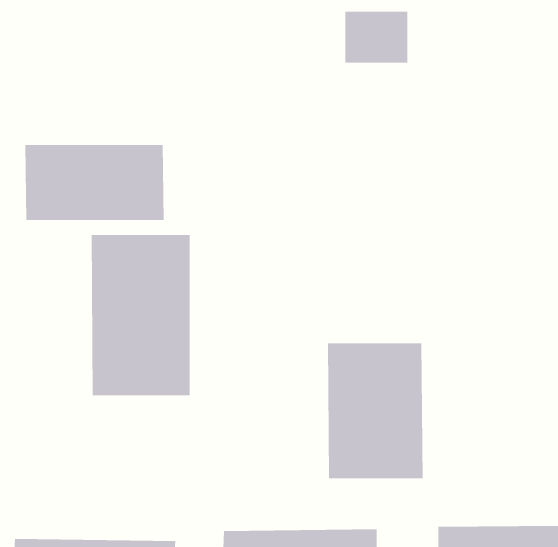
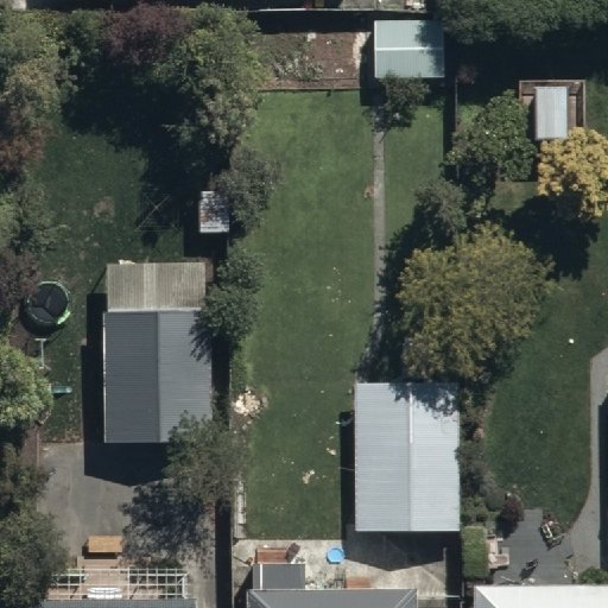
building: [25,144,164,221] -> none

